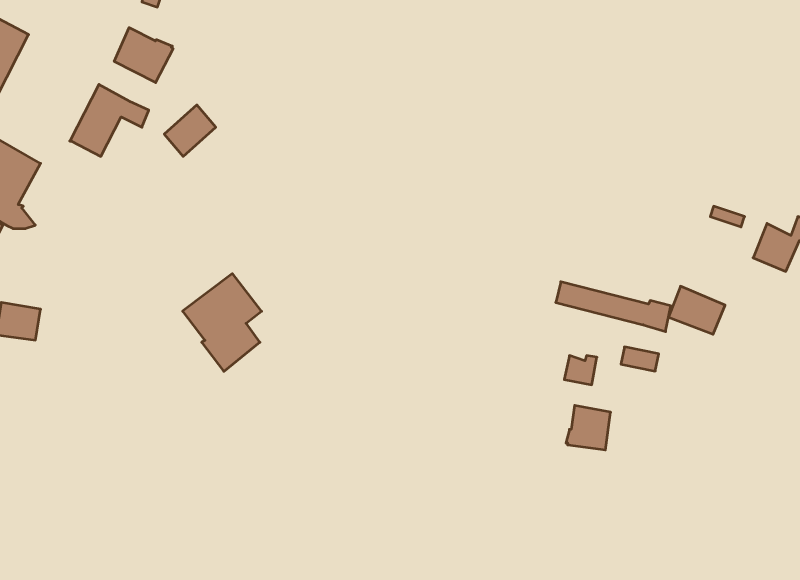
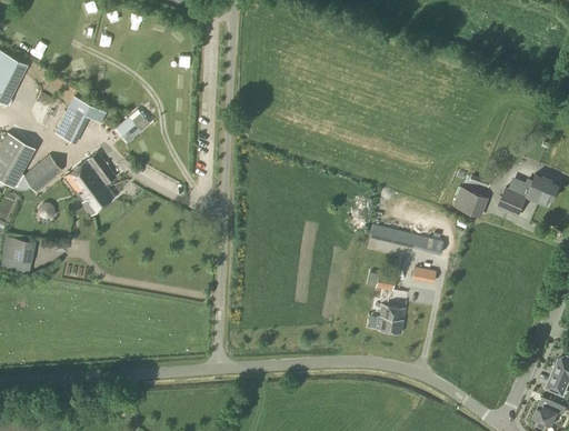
building: [114,28,173,83] -> none
building: none -> [23,154,62,192]
building: [183,274,262,371] -> [64,151,116,214]
building: [668,286,725,334] -> [452,186,489,217]

